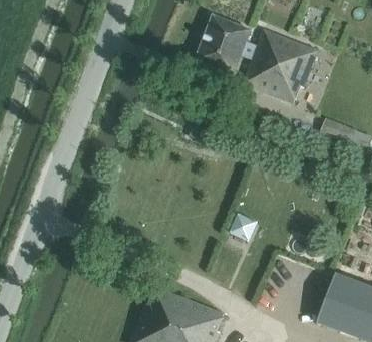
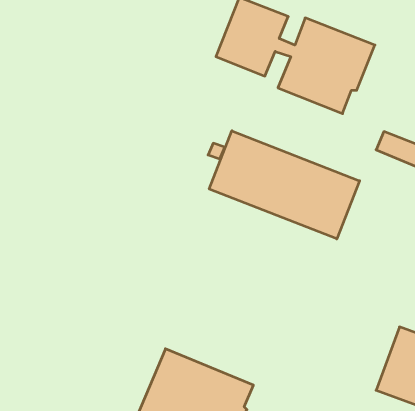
building: none -> [209,131,360,239]

